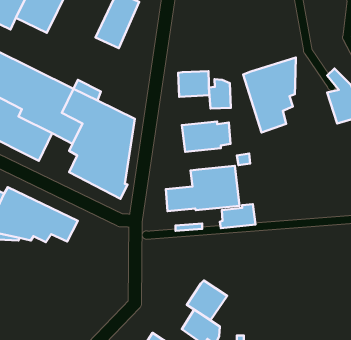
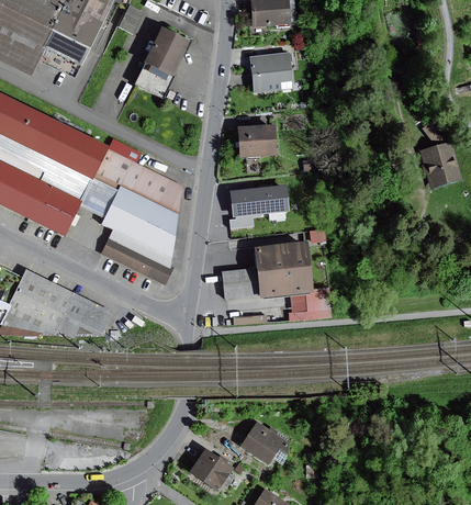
building: none -> [249,52,294,92]
building: [243,58,296,132] -> none
building: [209,79,231,108] -> none
building: [187,280,227,320] -> none

